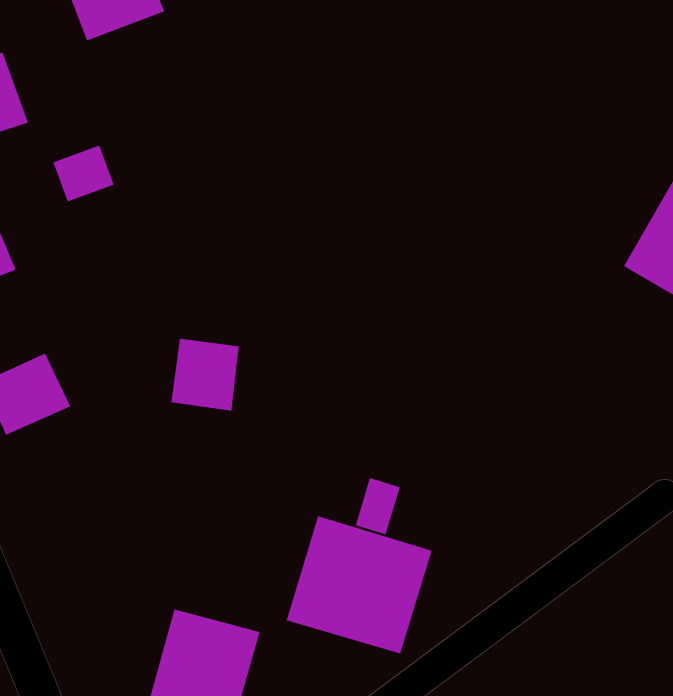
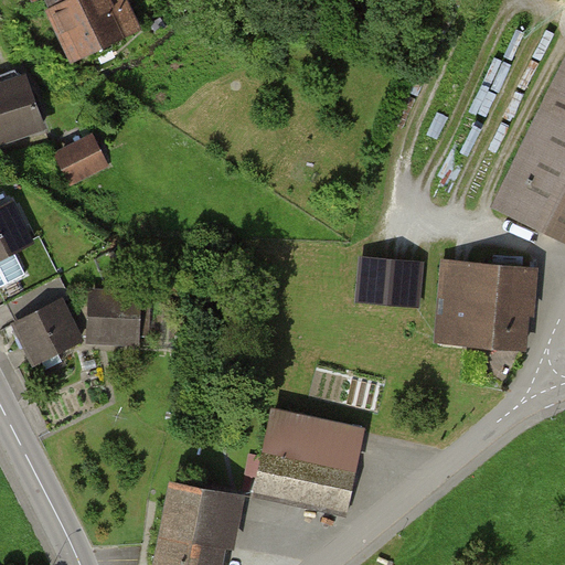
building: none -> [354,260,416,302]
building: none -> [436,262,534,344]
building: [171,338,239,411] -> [88,289,138,342]
building: [355,477,400,535] -> none

